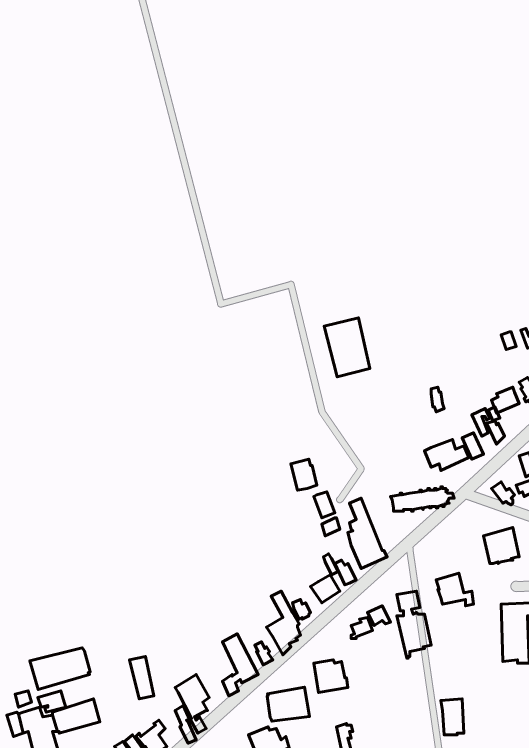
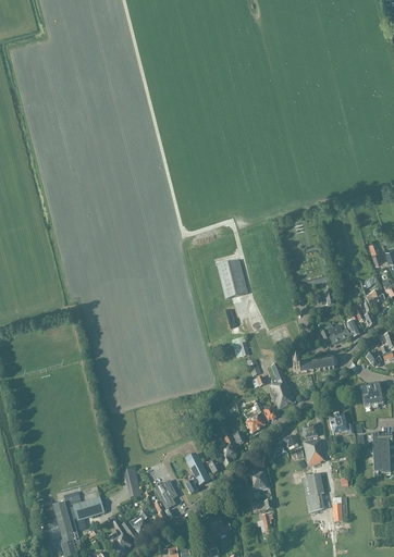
building: [324,318,370,377] -> [217,259,247,298]
building: [30,648,90,689] -> none
building: none -> [301,473,323,511]
building: [267,687,309,721] -> none

